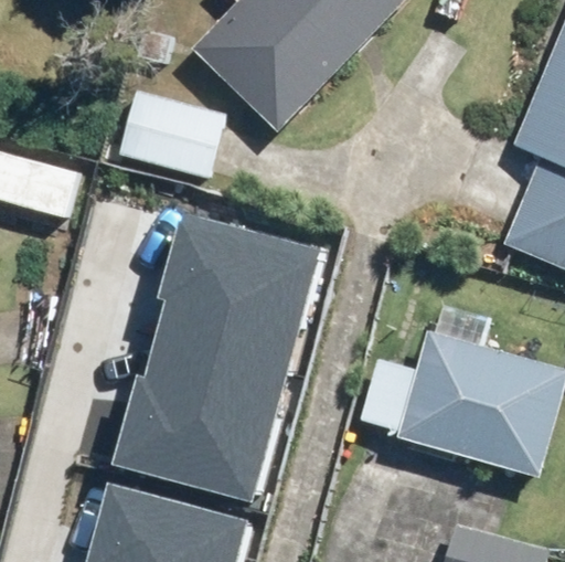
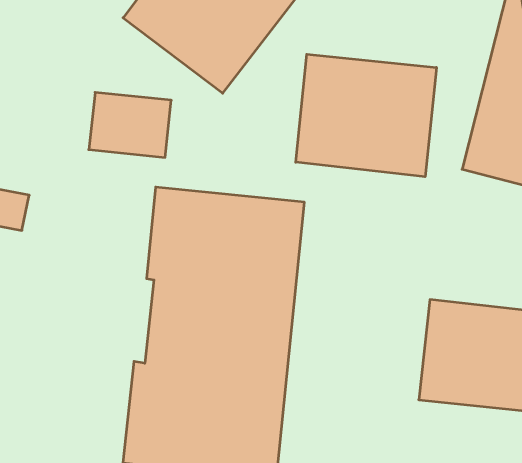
building: none -> [296,54,436,177]

